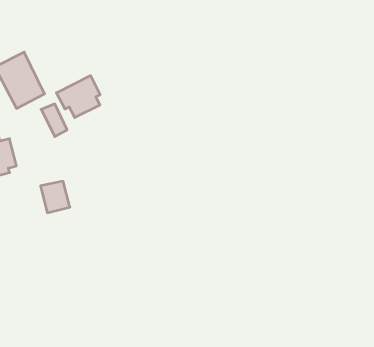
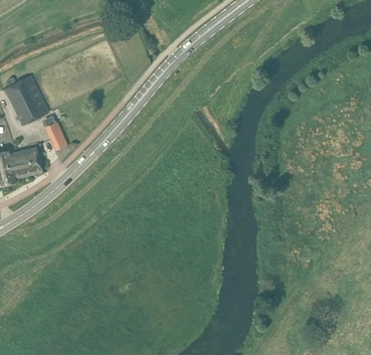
building: [56,76,100,118] -> none
building: [41,181,70,213] -> [16,148,42,176]

